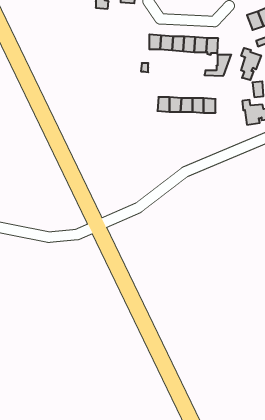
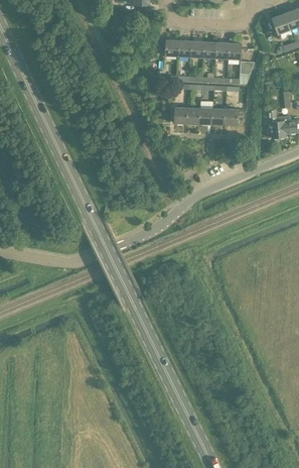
building: [241,48,261,80] -> none

